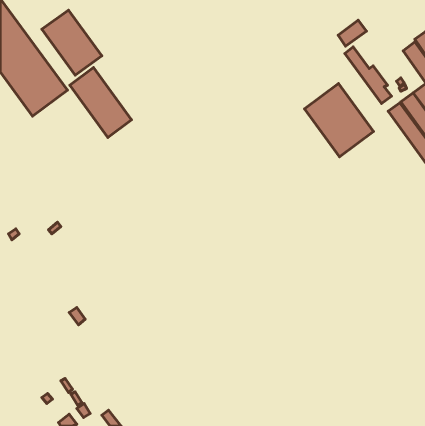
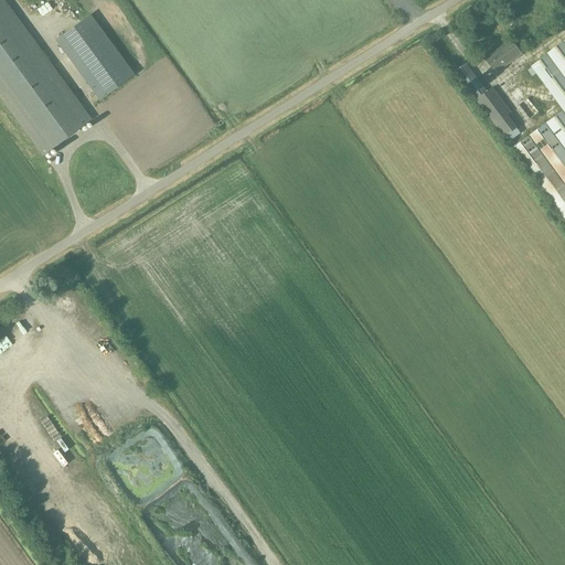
building: [338,20,366,46] -> [488,39,525,73]
building: [70,67,132,137] -> none
building: [304,84,374,157] -> none

